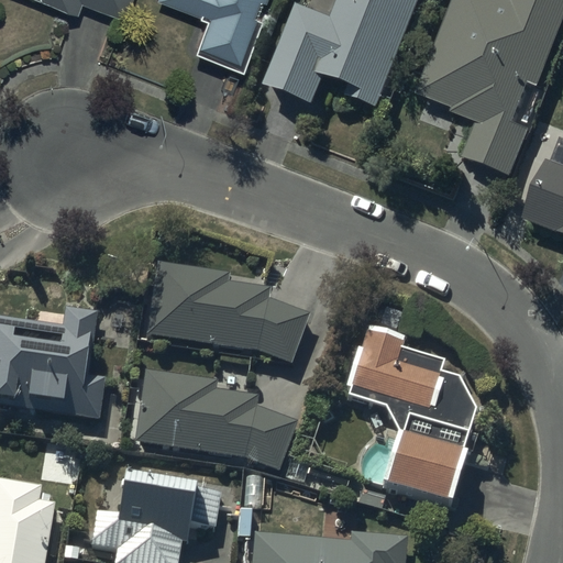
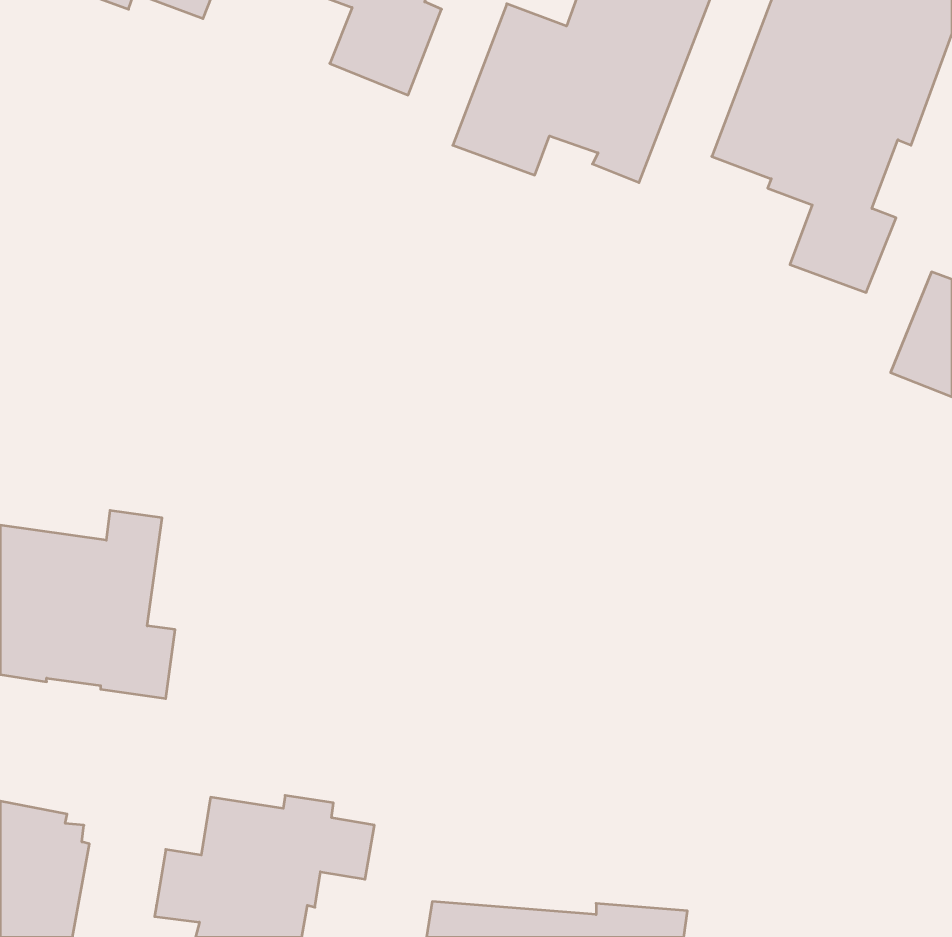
building: [146,264,308,363] -> none
building: [349,328,477,504] -> none
building: [134,369,296,471] -> none

